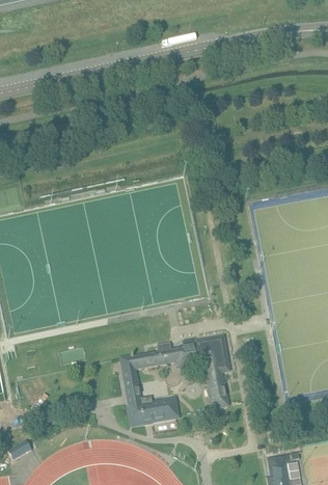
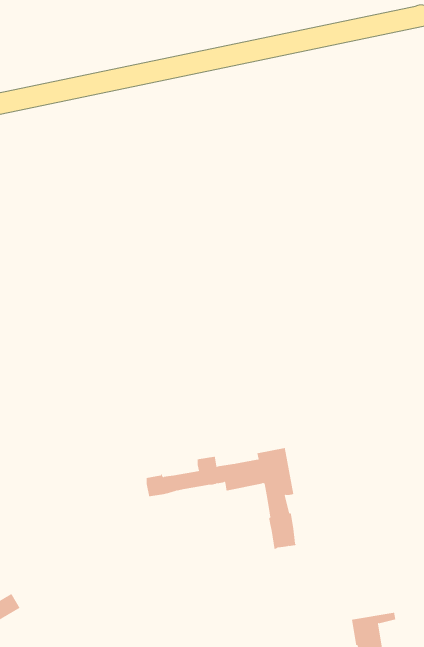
building: [122,369,177,425] -> none

